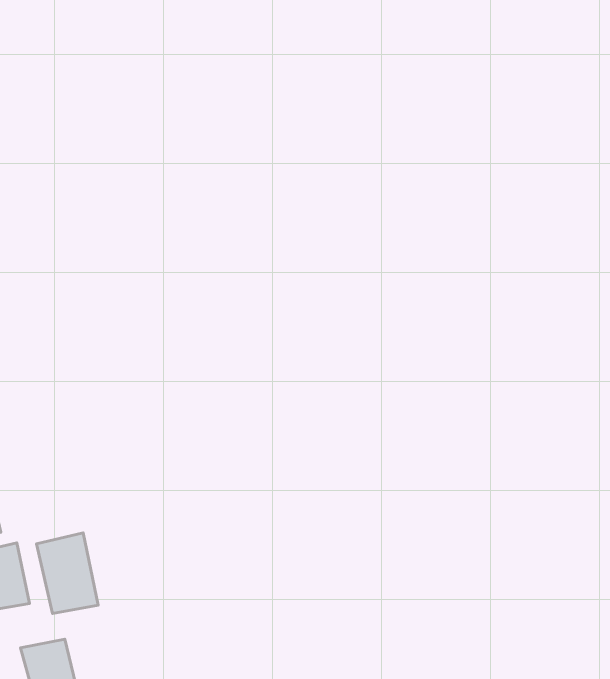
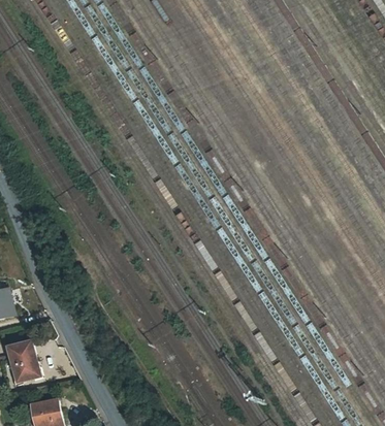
building: [37,533,98,614] -> none

